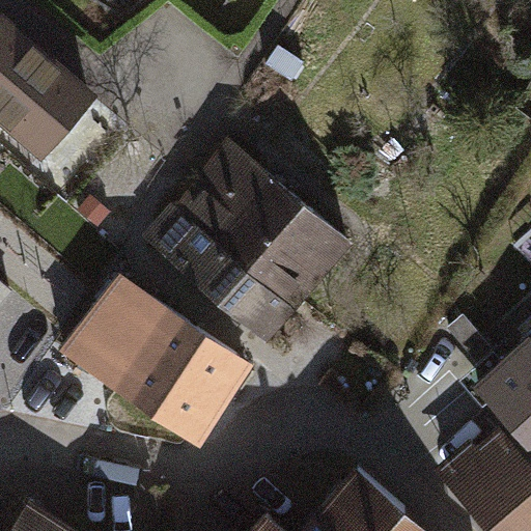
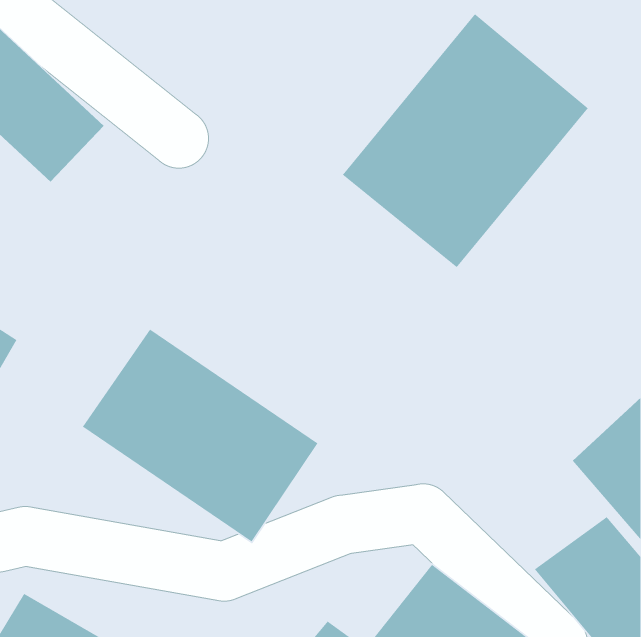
building: none -> [342,13,589,268]
building: [147,148,344,340] -> none

